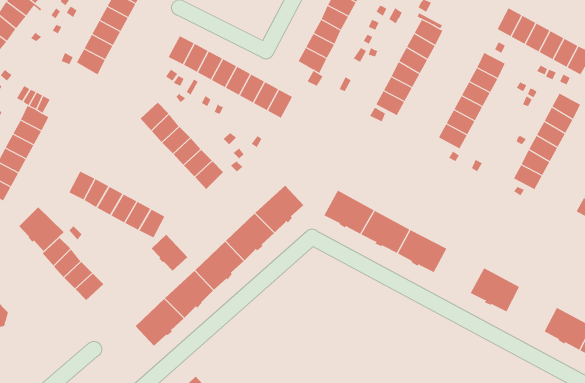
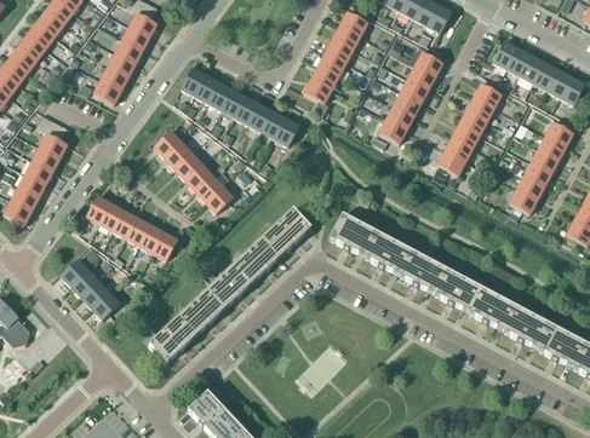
building: [19,207,64,252] -> none
building: [151,234,188,272] -> none
building: none -> [434,269,481,311]
building: none -> [503,305,550,347]

